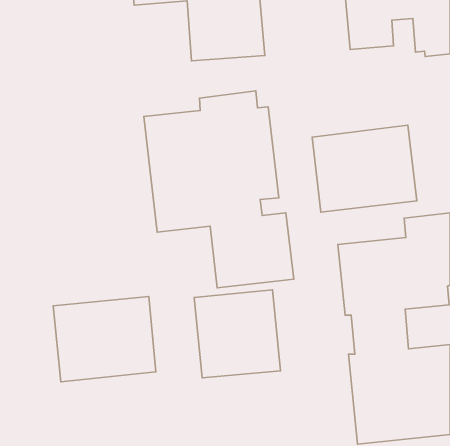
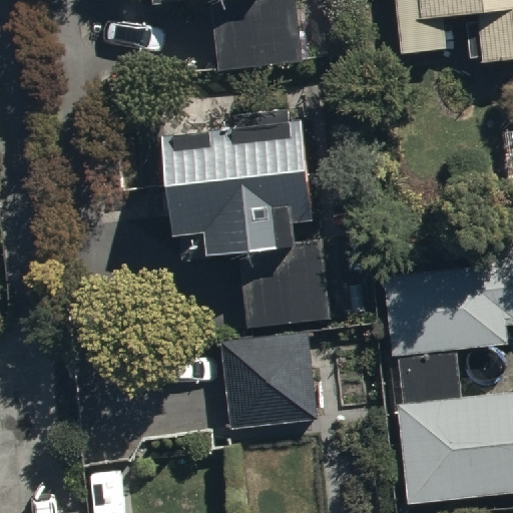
building: [312,125,417,212] -> none
building: [53,297,156,382] -> none

